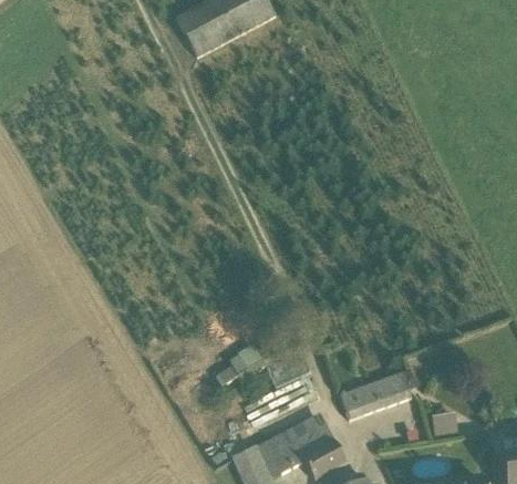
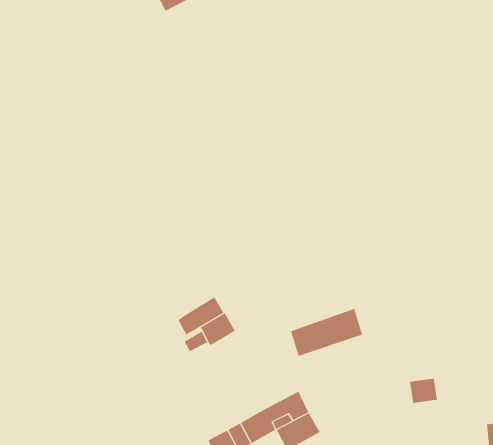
building: none -> [177,297,224,336]
building: [341,371,411,418] -> [290,308,363,357]

